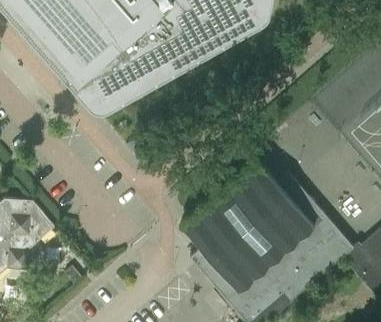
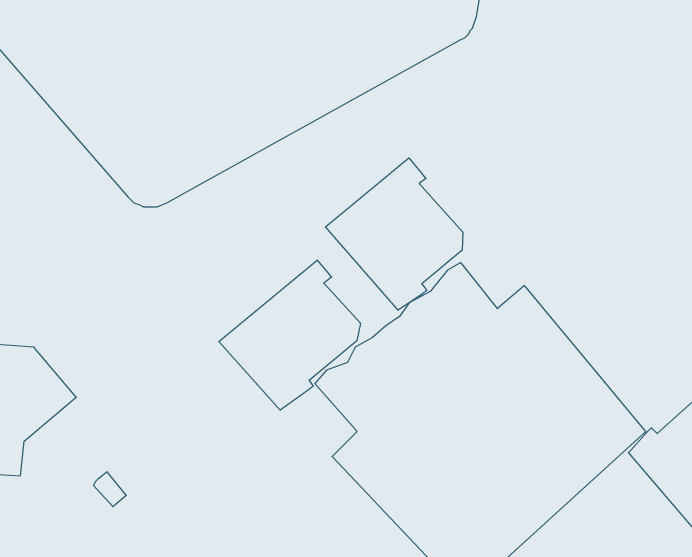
building: none -> [326,158,463,310]
building: none -> [219,260,360,410]

